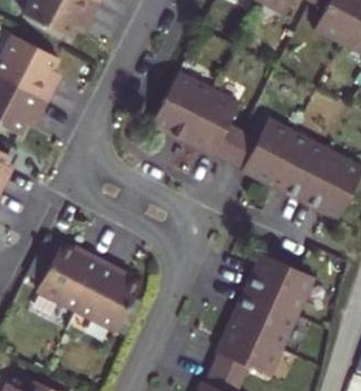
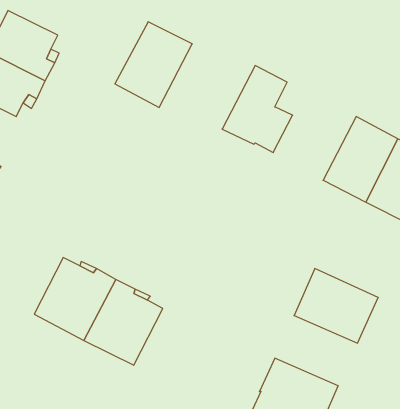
building: [150,72,213,141] -> [115,22,192,107]
building: [227,118,294,183] -> none
building: [228,292,295,349] -> none

